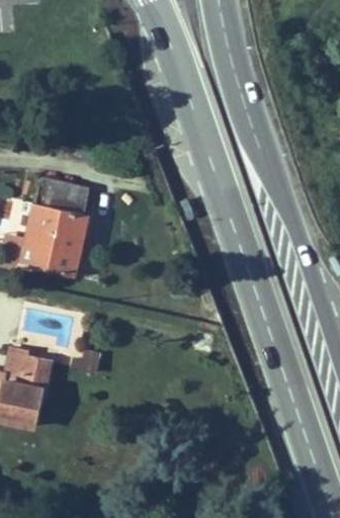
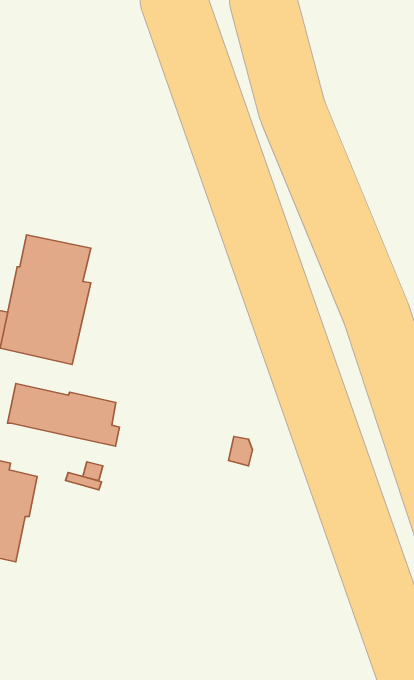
building: none -> [7,384,119,446]

